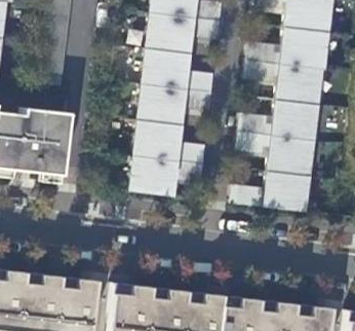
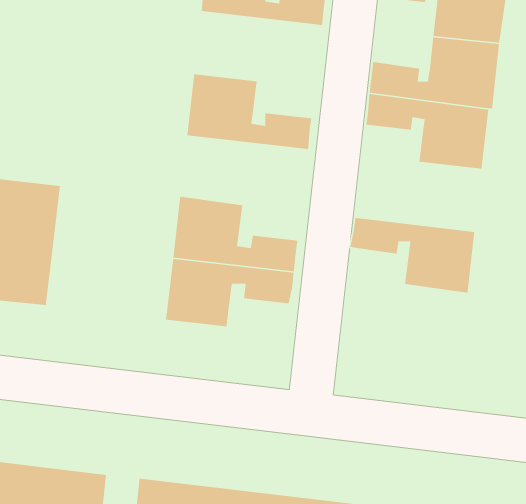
building: [147,12,222,52] -> none
building: [139,84,213,124] -> none
building: [240,100,314,140] -> none
building: [231,171,306,211] -> none

